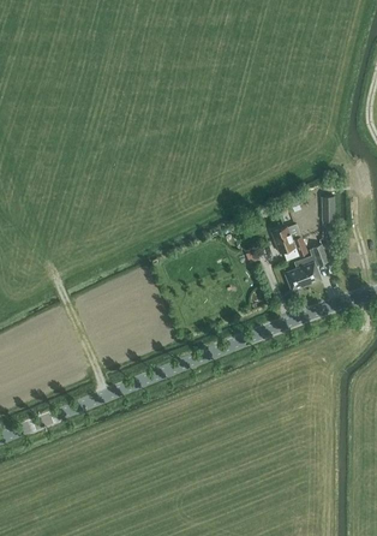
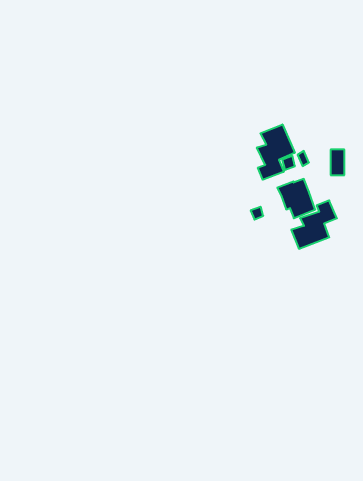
building: none -> [257,124,295,180]

